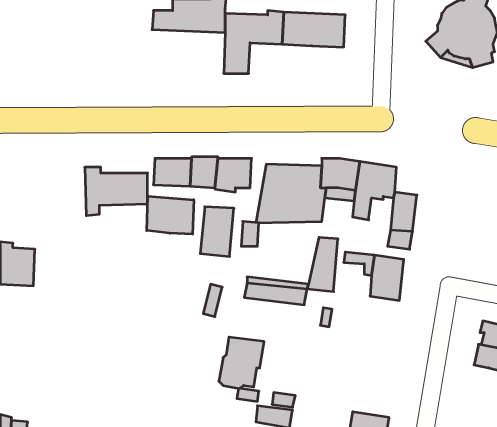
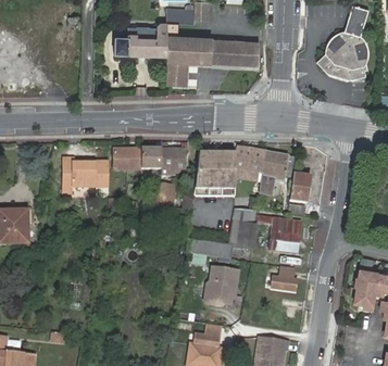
building: [147,196,194,234] -> none
building: none -> [266,264,293,291]
building: [219,337,264,388] -> [201,266,235,304]

